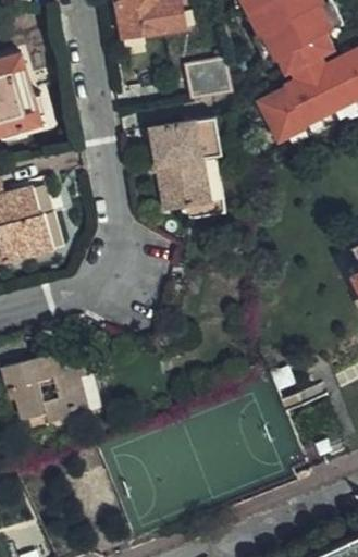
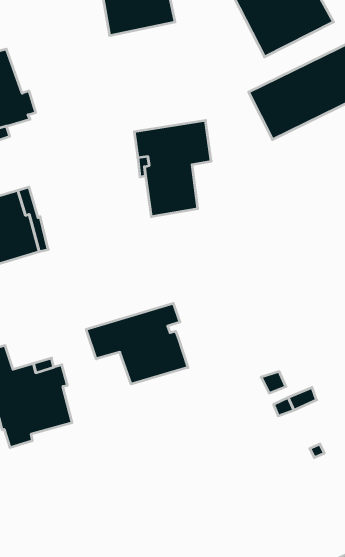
building: [187,57,234,101] -> none
building: none -> [86,303,188,384]

